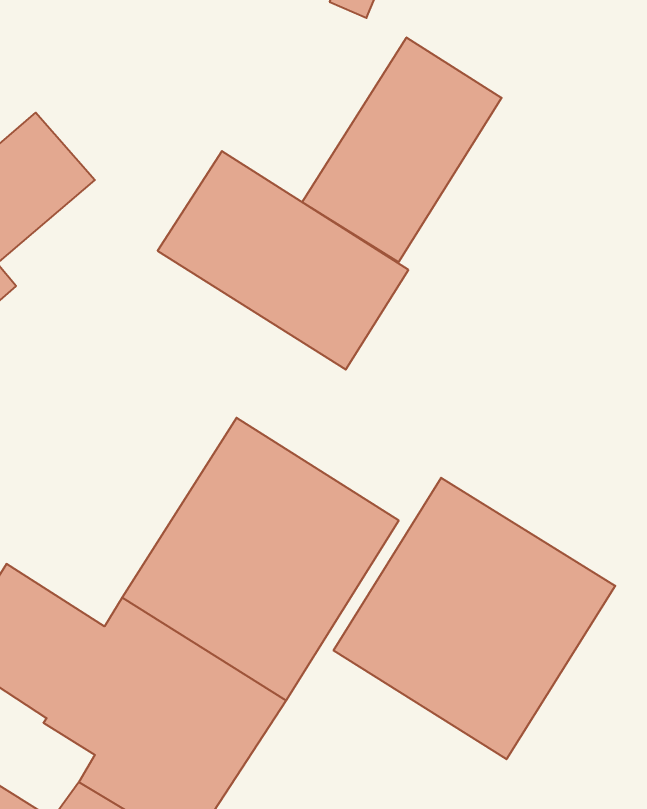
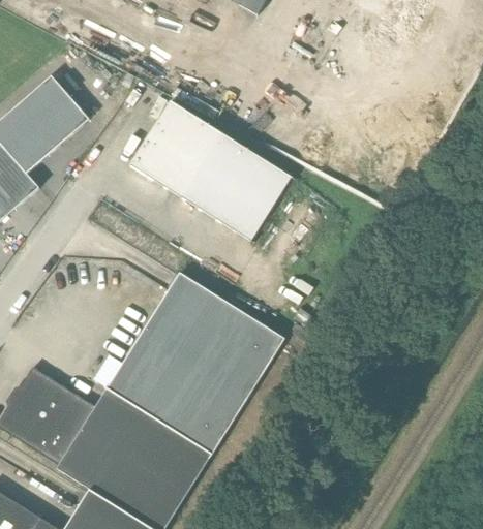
building: [302,37,502,262] -> none
building: [334,478,615,759] -> none

